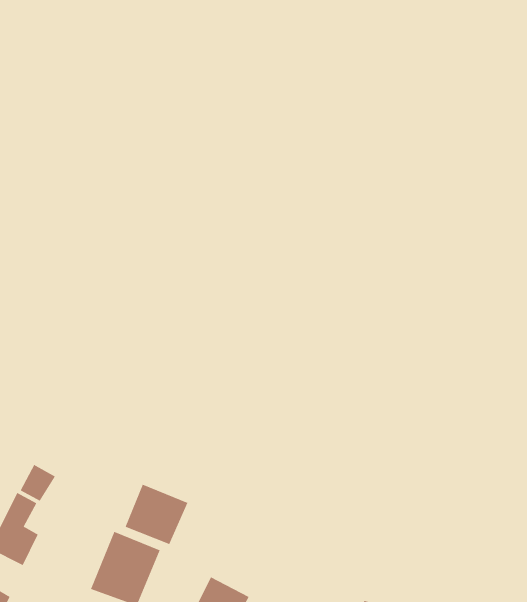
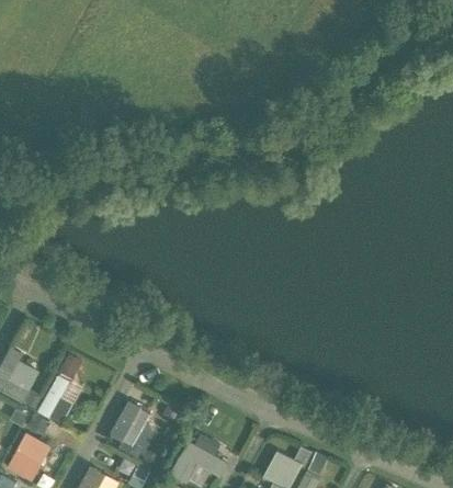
building: [125,484,188,545] -> none

